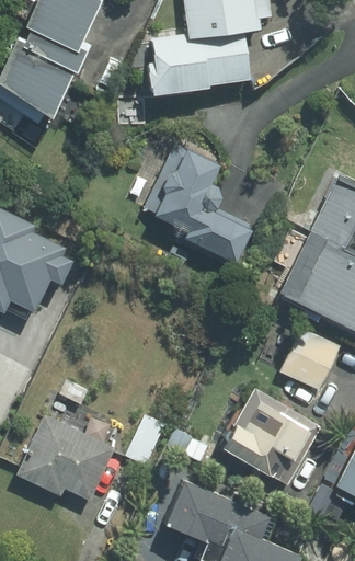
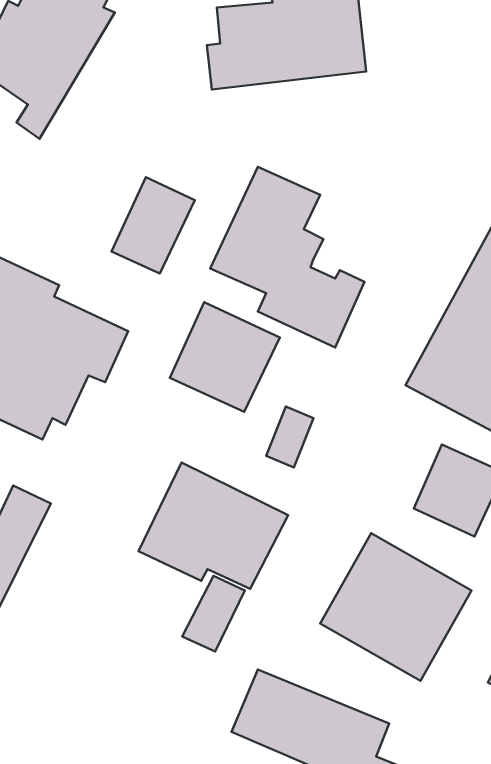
building: none -> [112,177,195,273]
building: none -> [170,302,280,412]
building: [15,415,115,500] -> [139,463,288,589]

